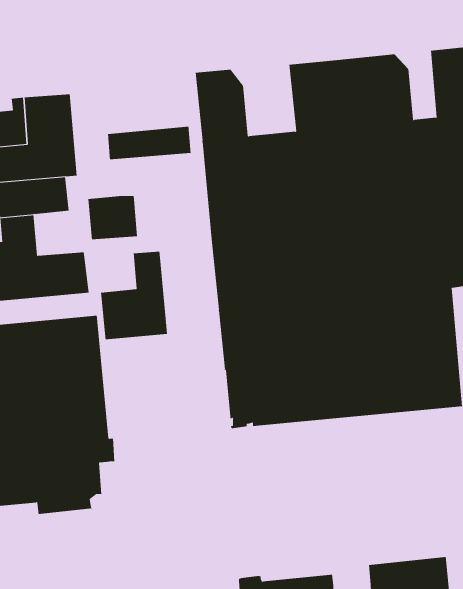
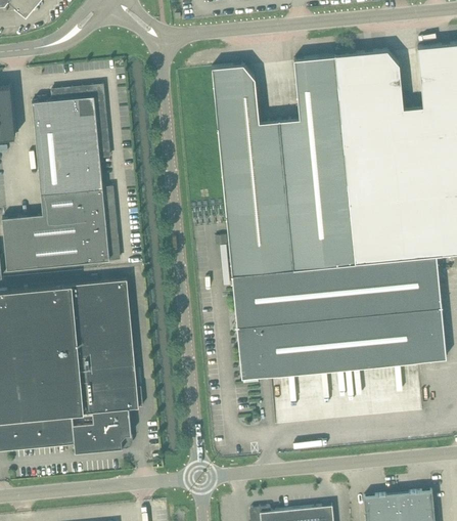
building: [108,126,191,160] -> none
building: [88,195,138,240] -> [72,189,116,228]
building: [101,251,167,340] -> none

